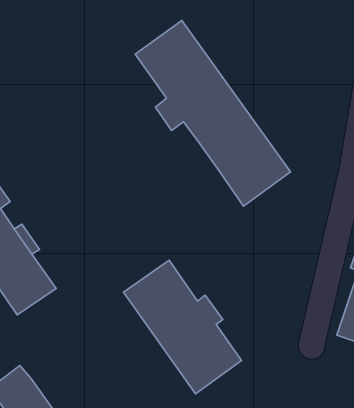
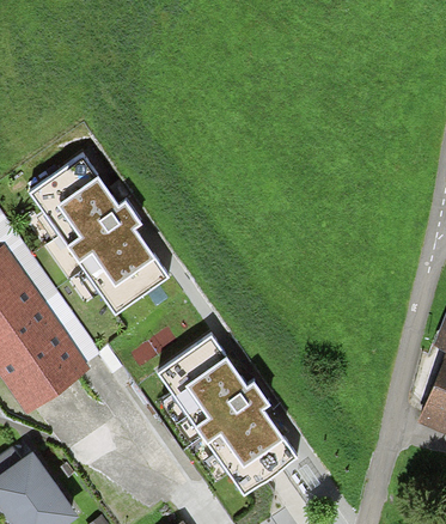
building: [135,21,291,206] -> none
building: none -> [29,154,175,317]

